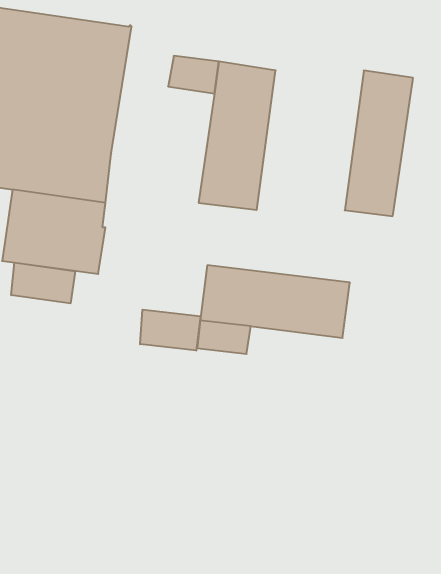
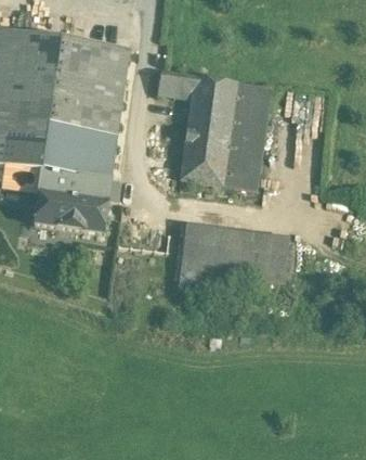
building: [345,71,413,216] -> [223,80,274,189]
building: [11,263,75,303] -> none
building: [140,310,201,351] -> none

